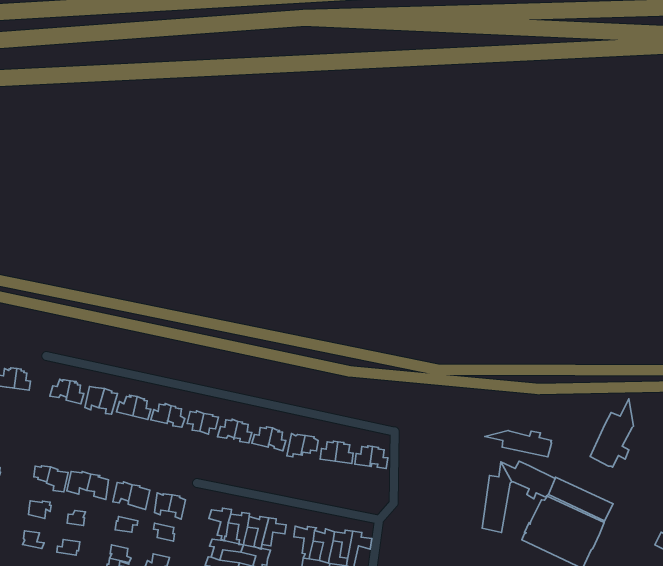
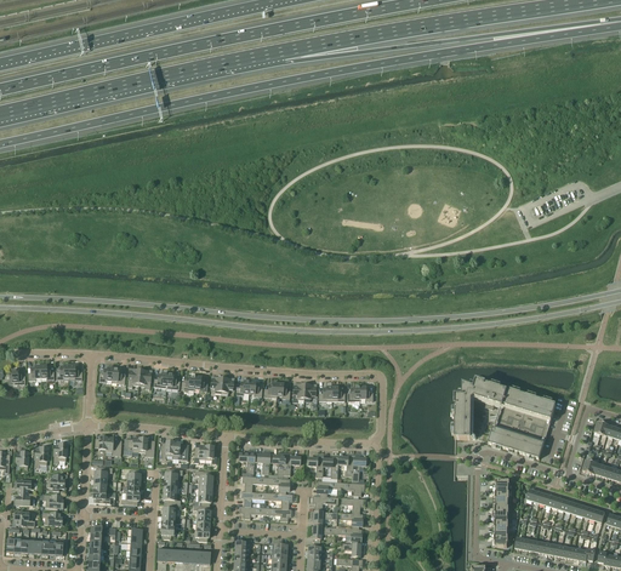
building: [590,399,633,467] -> none
building: [485,431,552,457] -> none

